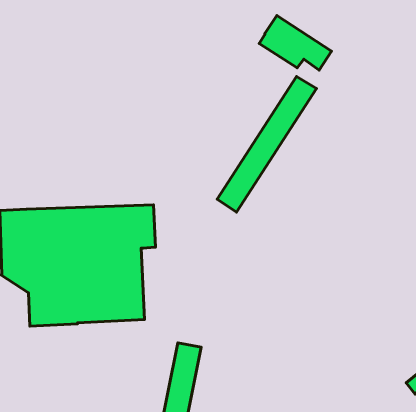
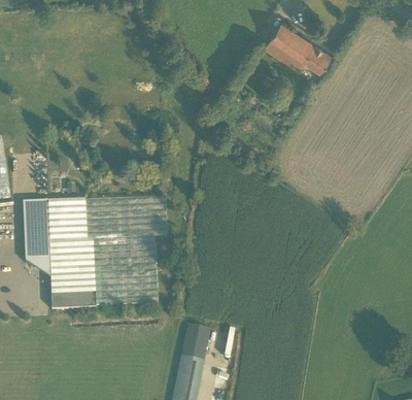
building: [217,76,317,212] -> none

